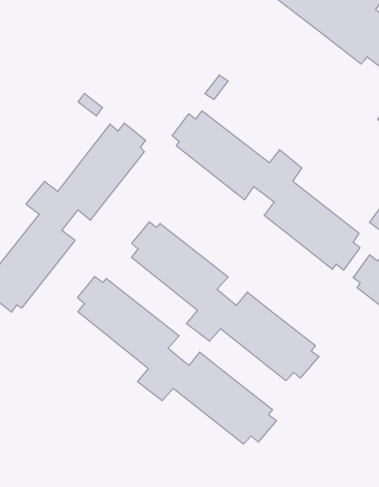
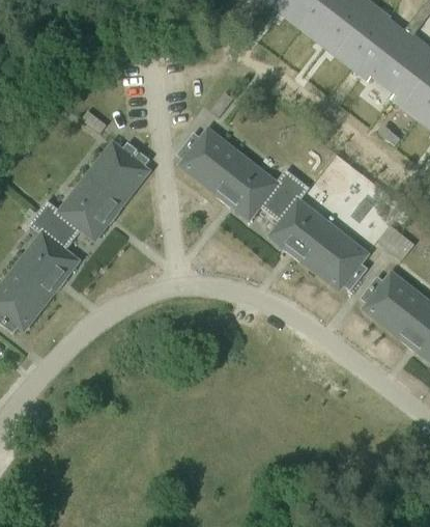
building: [132,222,319,381] -> none
building: [78,277,277,444] -> none

